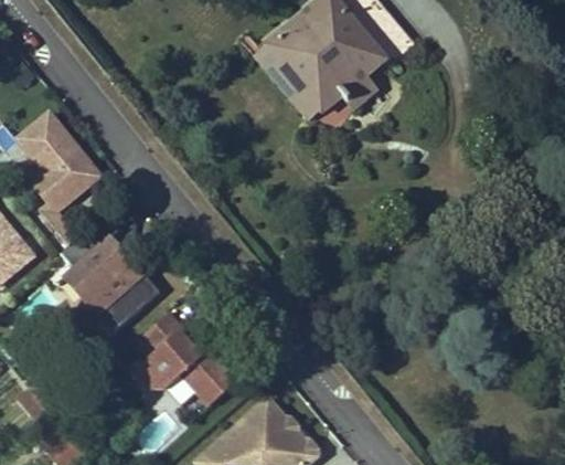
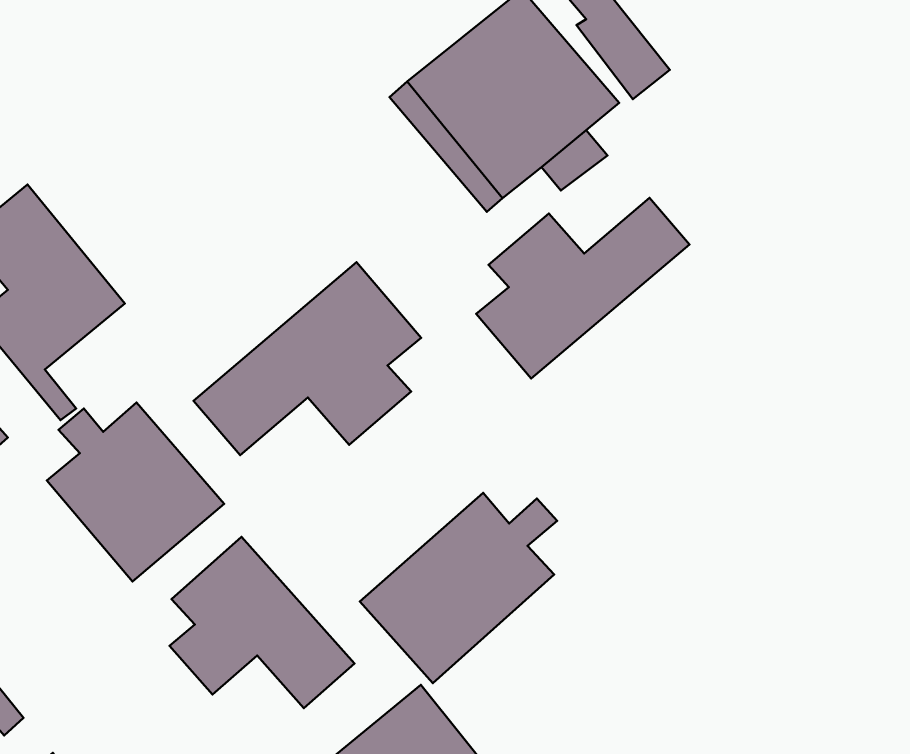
building: none -> [476,198,689,378]
building: none -> [194,262,421,455]
building: none -> [360,493,557,683]

